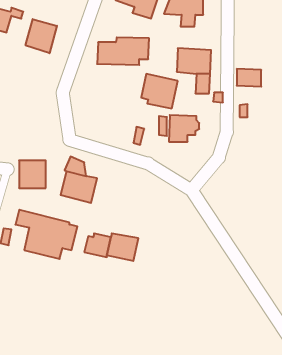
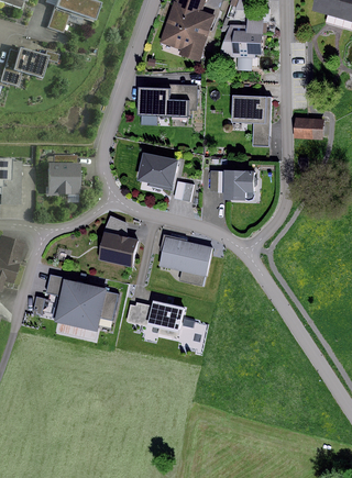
building: [26,19,57,53] -> none
building: [141,74,178,108] -> [141,153,182,191]
building: [19,160,46,188] -> [48,164,78,194]
building: none -> [160,237,213,286]

